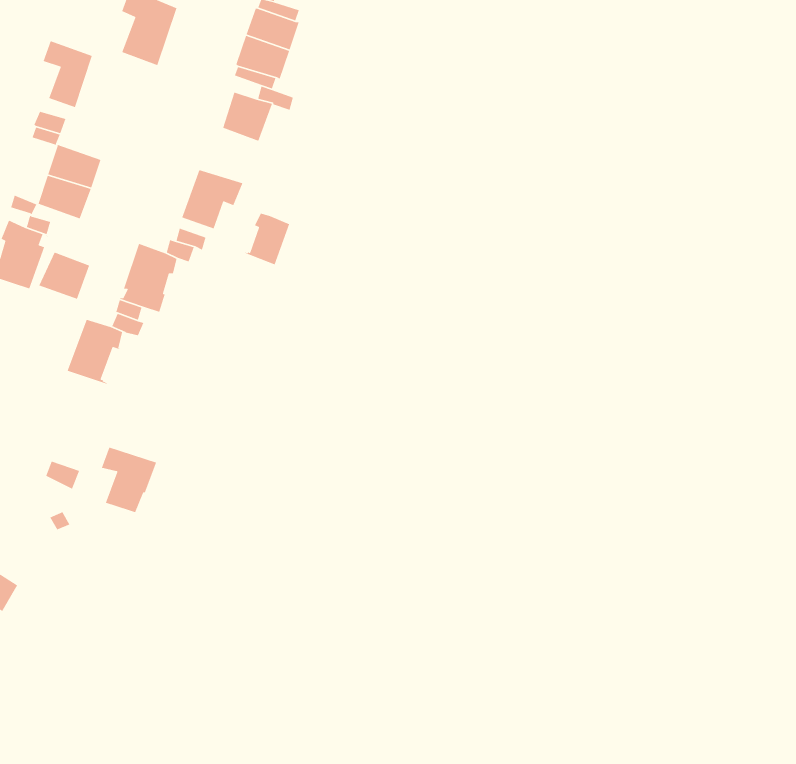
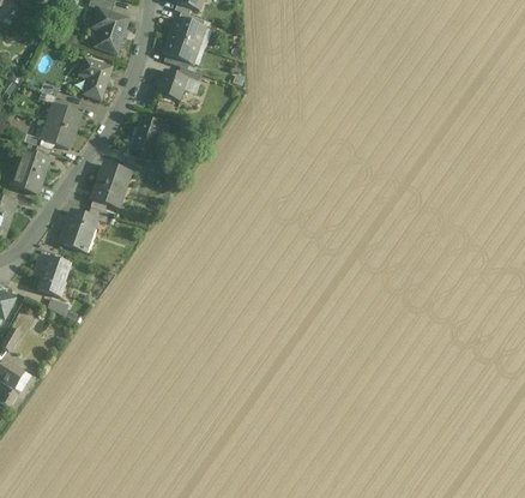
building: [42,40,93,108] -> [80,58,111,100]
building: [243,212,290,266] -> none
building: [38,251,90,300] -> none
building: [101,447,157,515] -> [35,253,70,295]

